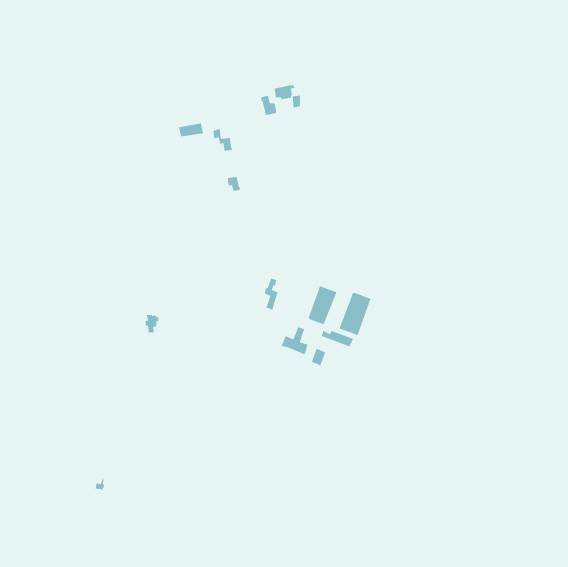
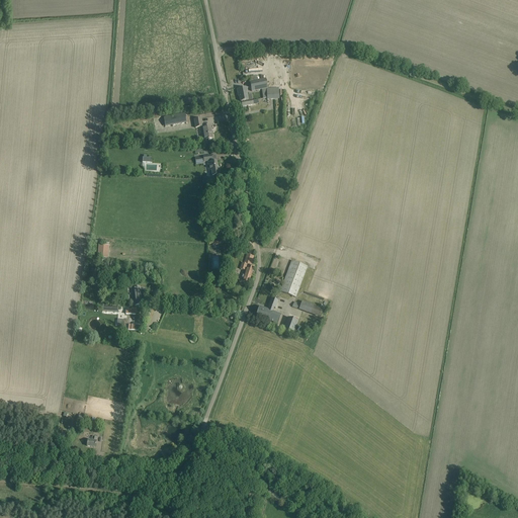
building: [338,292,371,336] -> none

